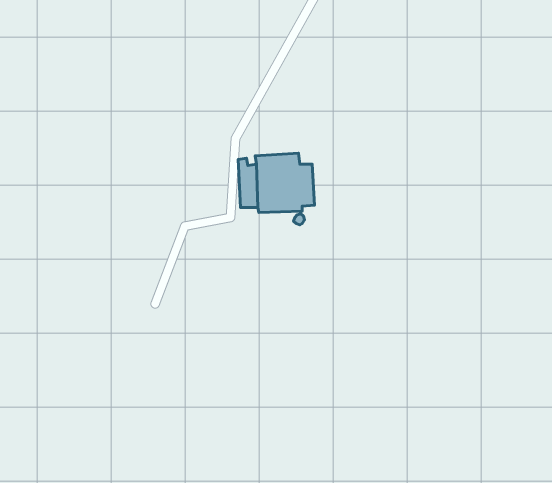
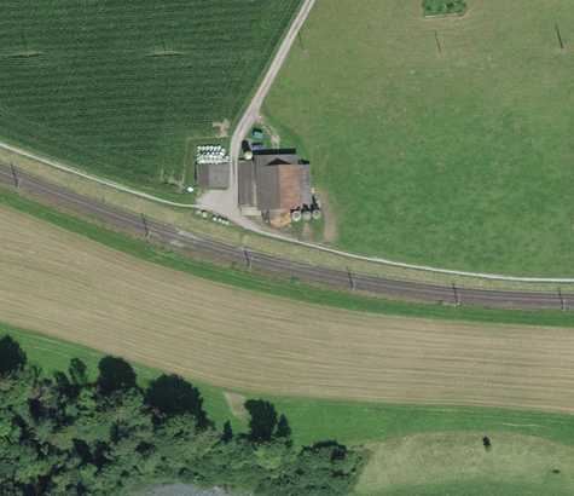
building: none -> [196,162,228,189]

